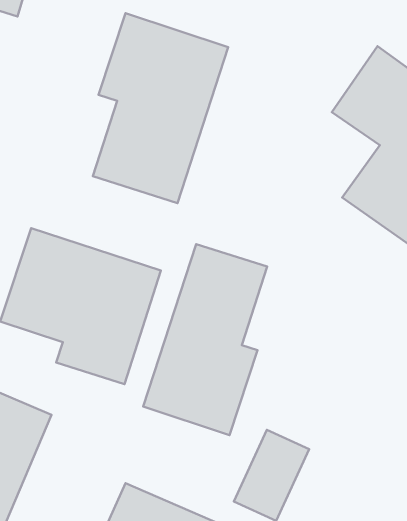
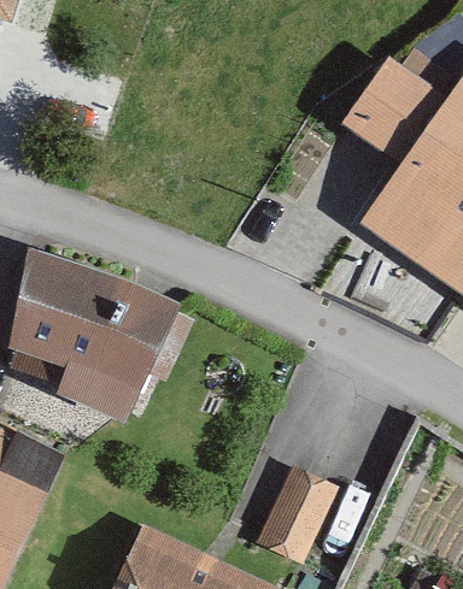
building: [93,13,228,203] -> none
building: [143,244,267,435] -> none

